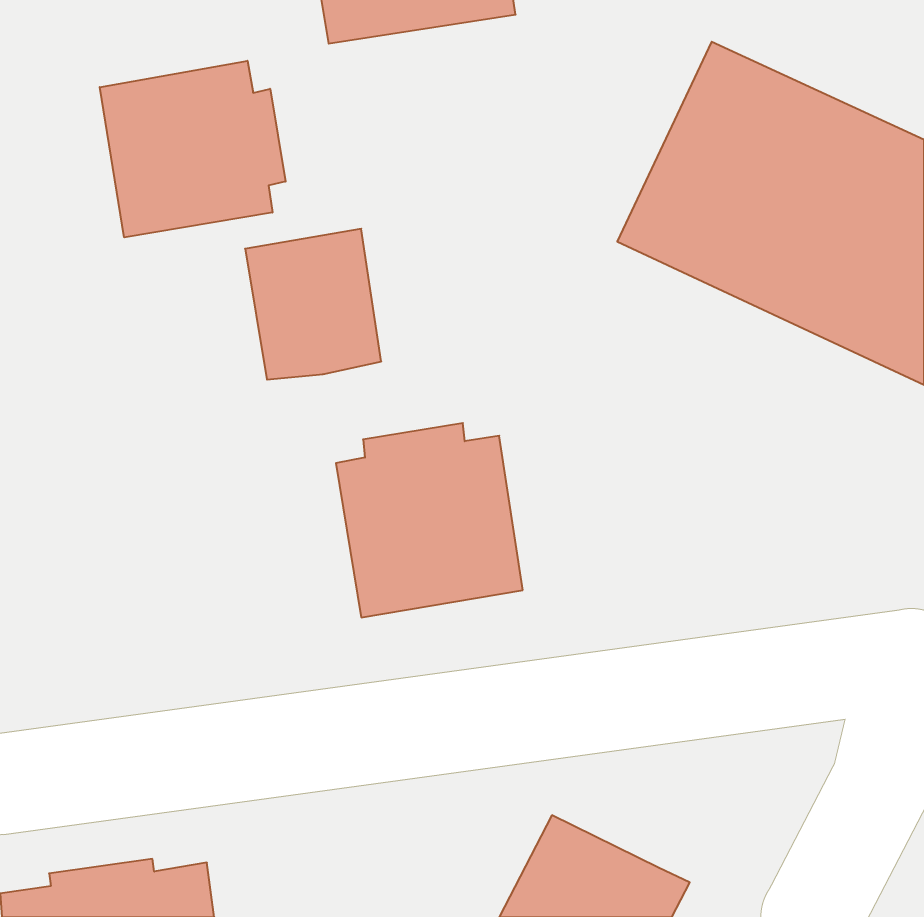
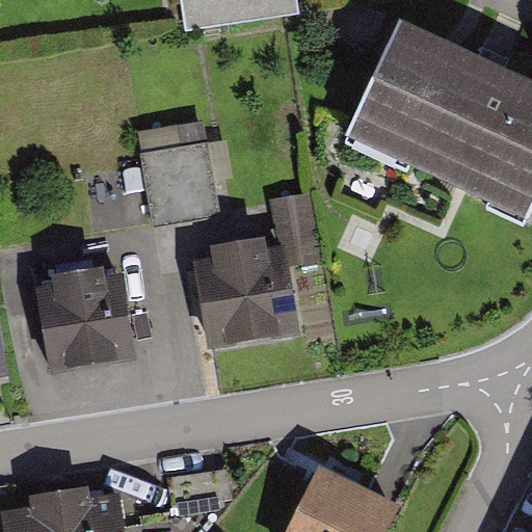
building: [100,61,286,237] -> none
building: none -> [44,277,138,364]

